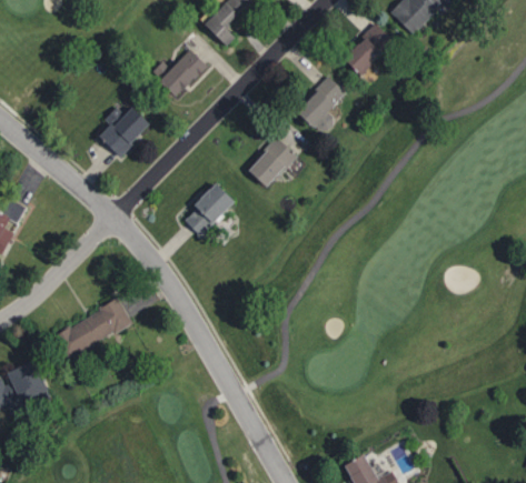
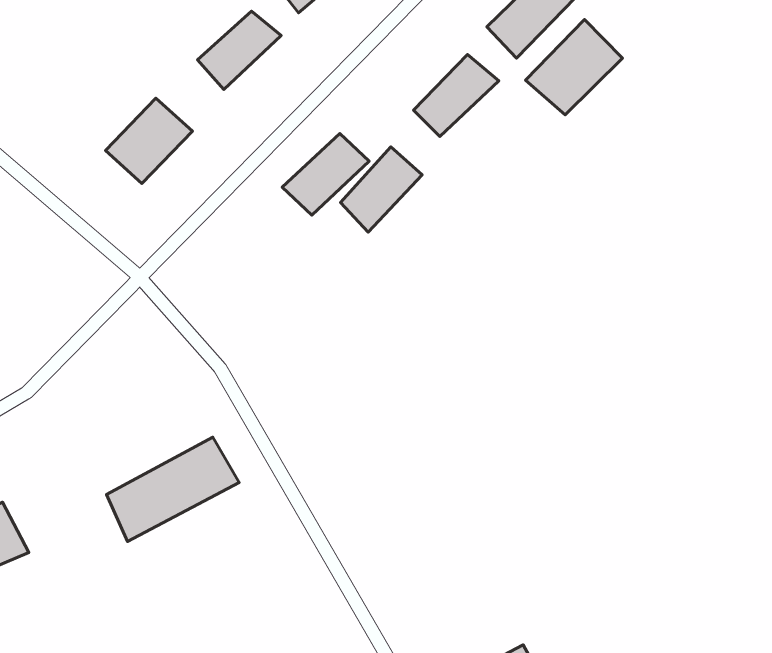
building: none -> [526,20,622,115]
building: [177,183,232,235] -> [282,133,369,215]
building: [52,296,137,363] -> [107,437,239,542]

